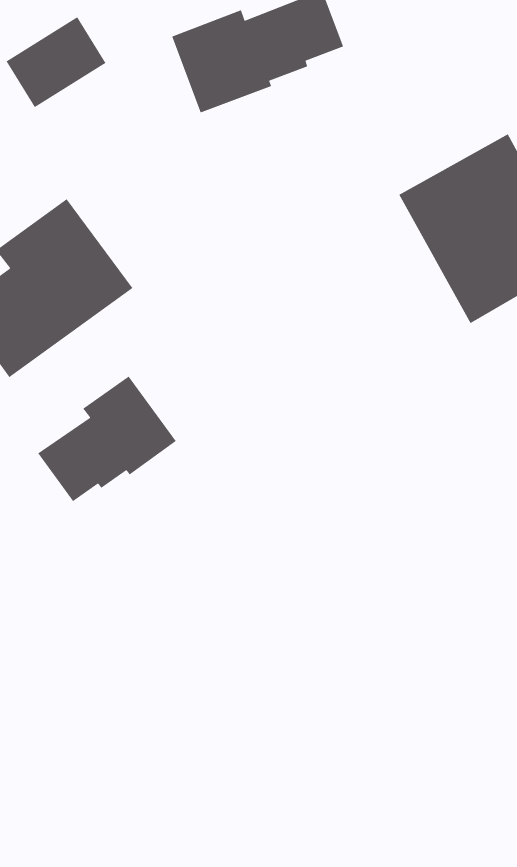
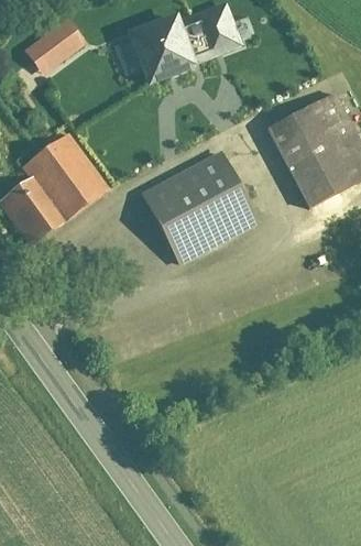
building: none -> [146,159,262,266]
building: [37,376,177,502] -> none

